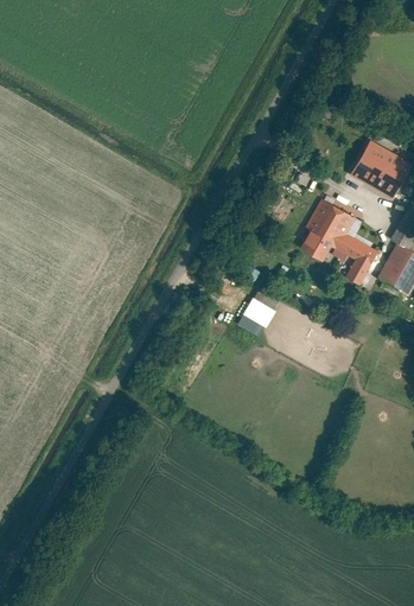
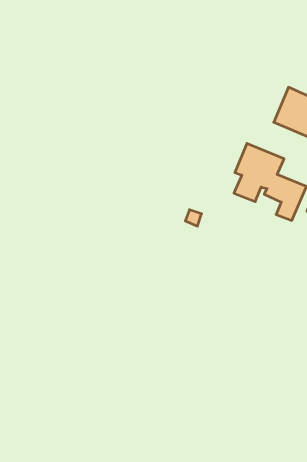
building: [237,294,276,334] -> none

